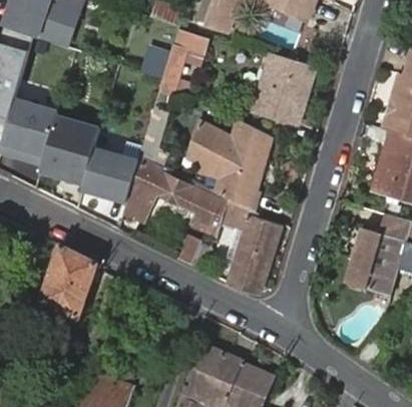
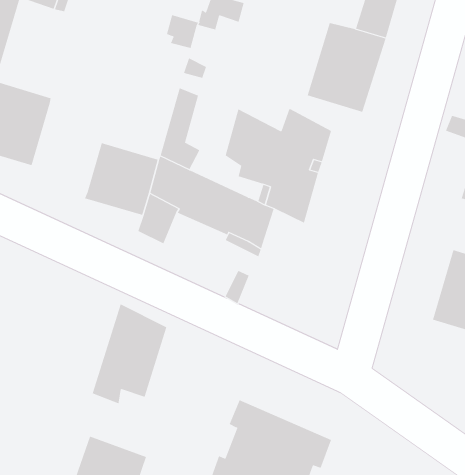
building: [39,116,100,184] -> none
building: [222,197,280,293] -> none
building: [39,246,97,323] -> [92,304,167,404]

